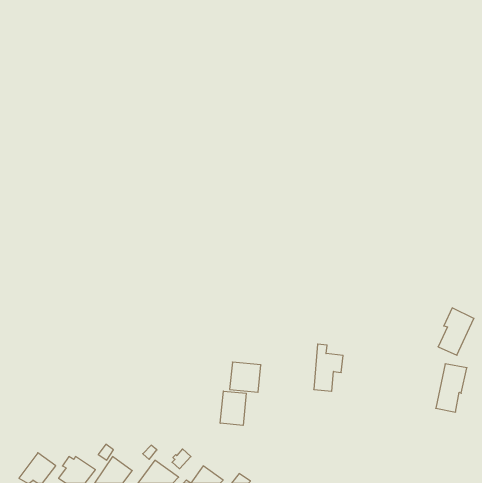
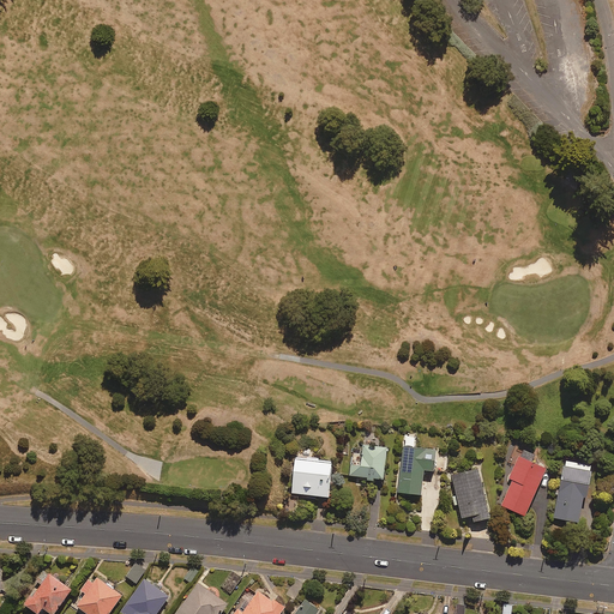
building: [438,308,474,355] -> [500,457,546,517]
building: none -> [350,445,386,482]
building: none -> [452,470,489,523]
building: [220,391,246,425] -> none

